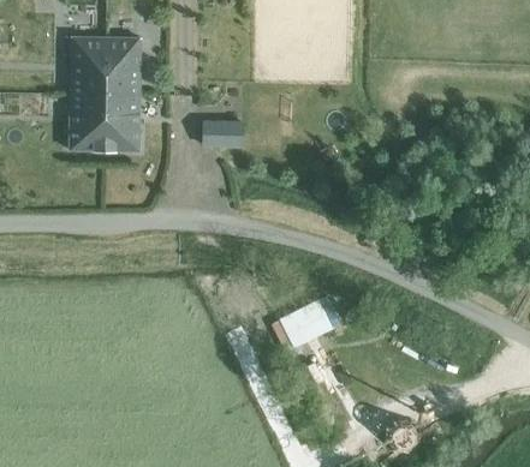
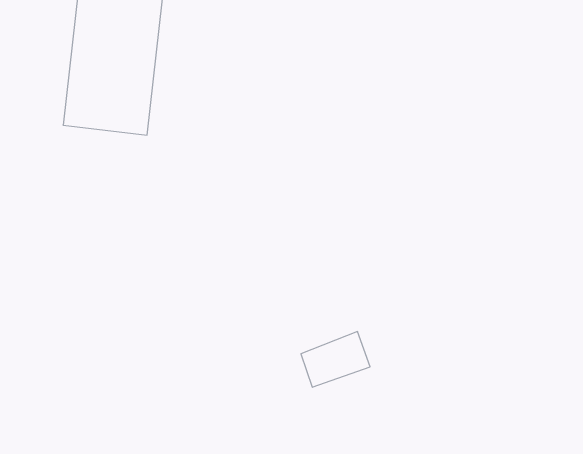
building: [204,121,243,146] -> none

